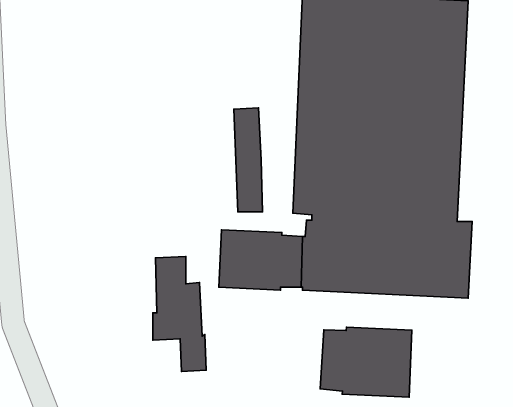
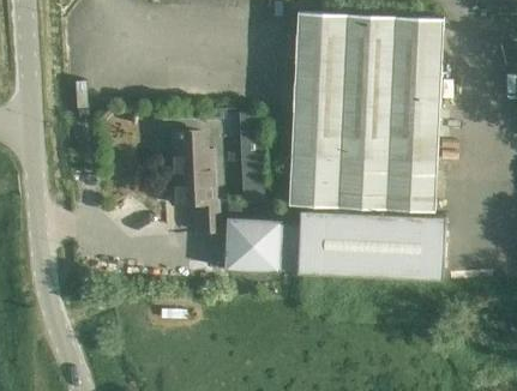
building: [153,257,206,372] -> [170,132,217,233]
building: [320,327,412,397] -> none

